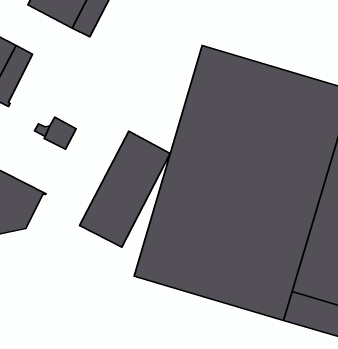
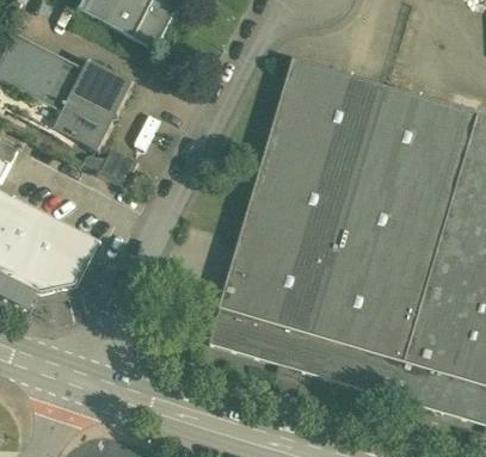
building: none -> [55,60,134,150]
building: [80,131,170,247] -> none

